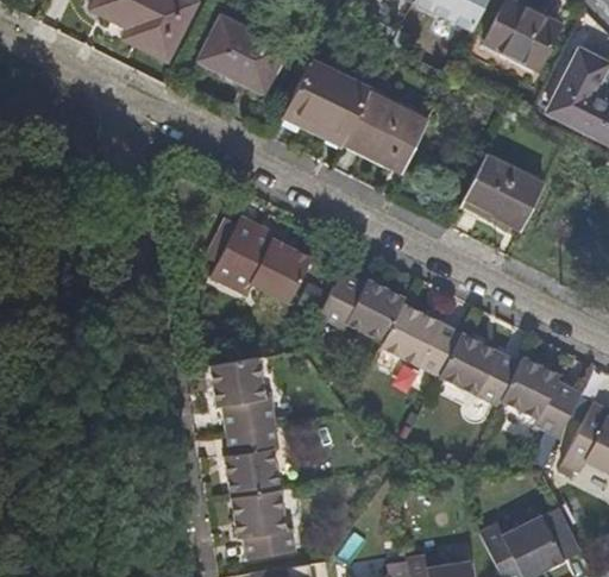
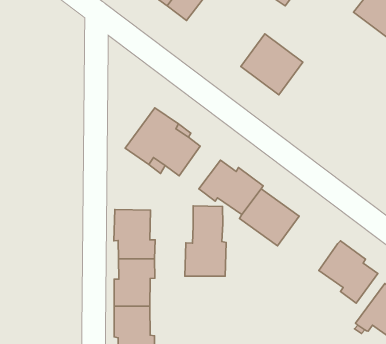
building: [287,62,371,142] -> none
building: [465,156,545,230] -> none
building: [438,332,519,406] -> none
building: none -> [185,206,226,276]

